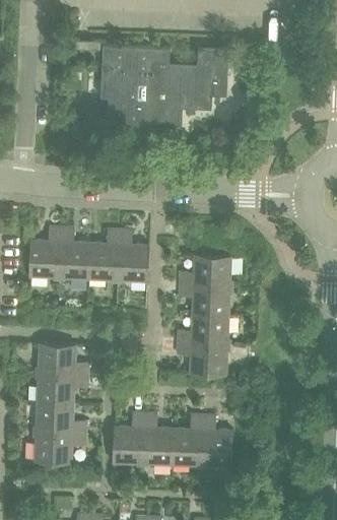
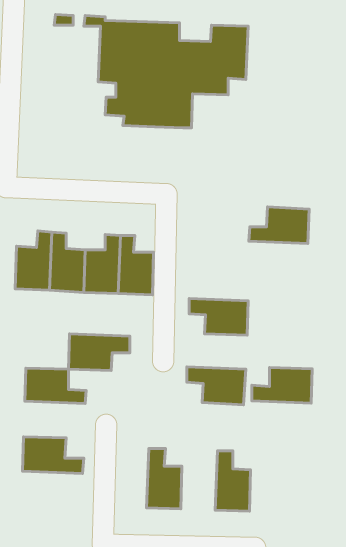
building: [179,254,230,285] -> [249,207,309,243]
building: [177,314,228,344] -> [252,368,312,403]
building: [37,372,89,403] -> [68,334,130,370]
building: [113,412,144,463] -> none
building: [172,413,203,465] -> none
building: [35,432,87,462] -> none

